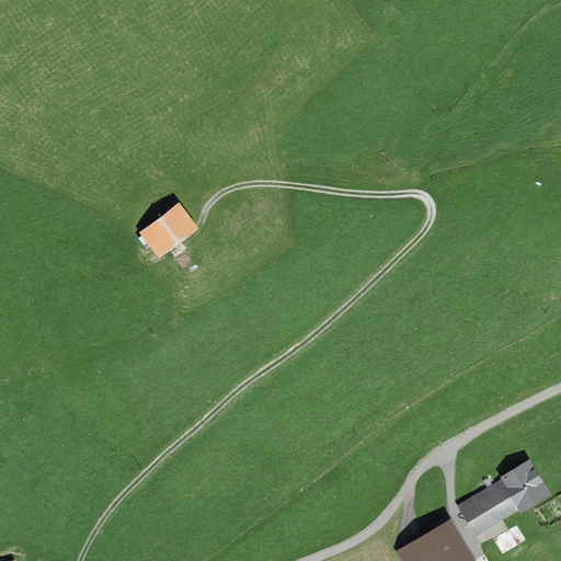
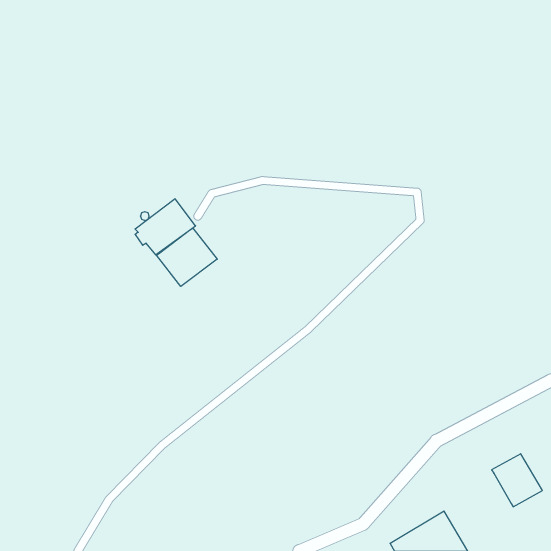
building: none -> [157,228,217,286]
building: [457,480,518,536] -> none

